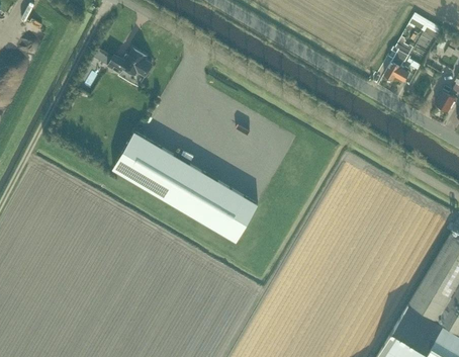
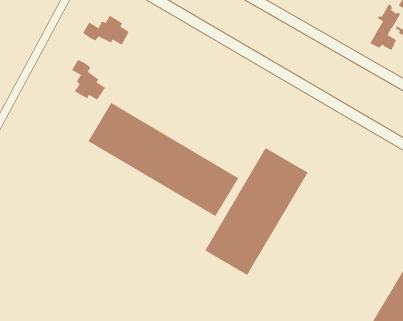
building: none -> [72,59,106,100]
building: none -> [204,147,309,276]

